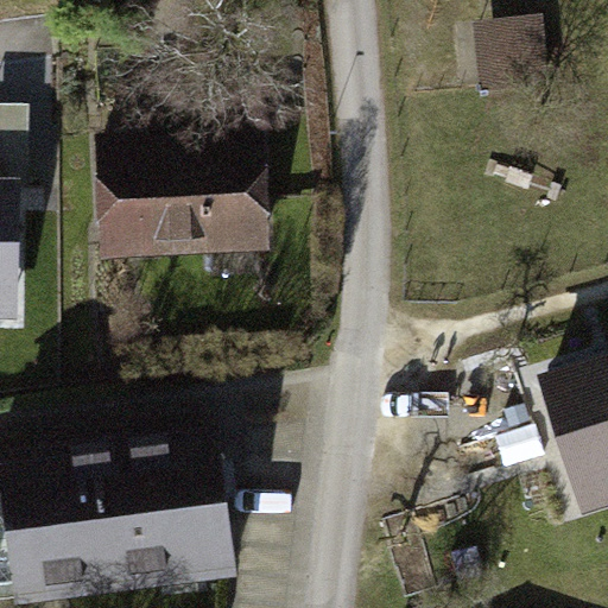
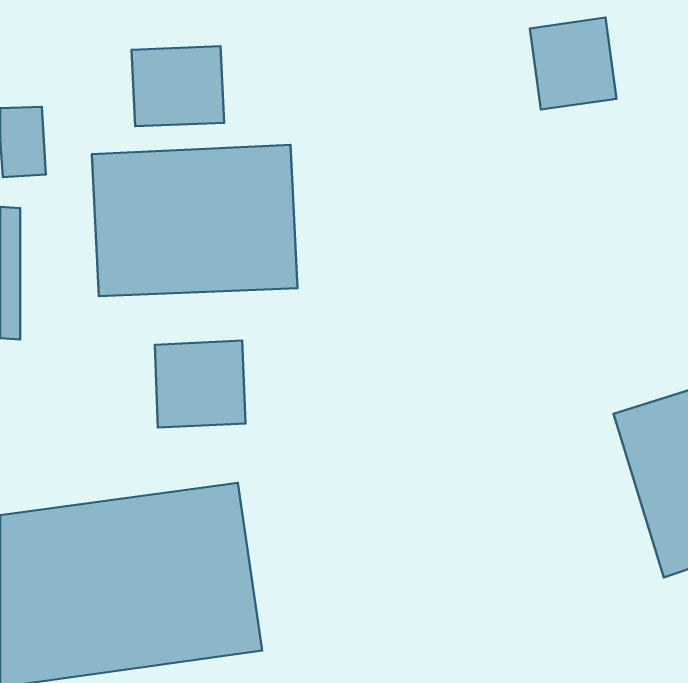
building: none -> [131,46,224,126]
building: none -> [155,341,245,428]

